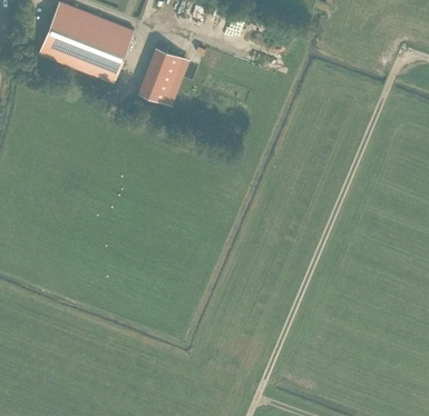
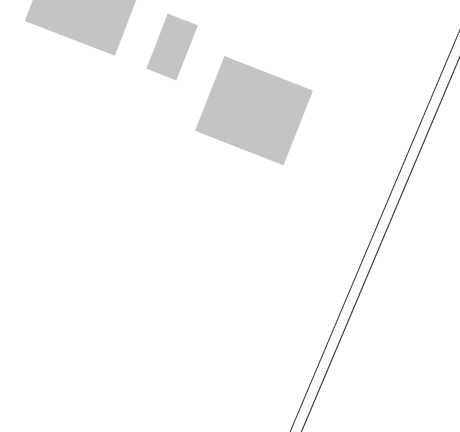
building: none -> [194,55,314,166]

